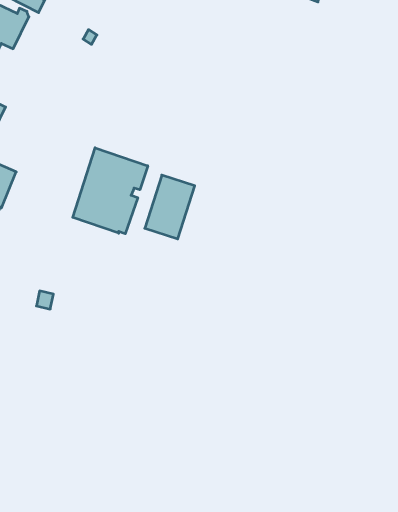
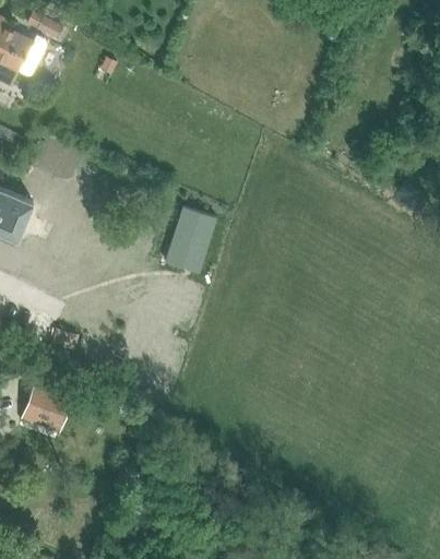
building: [73,148,148,234] -> none
building: none -> [23,386,71,428]

